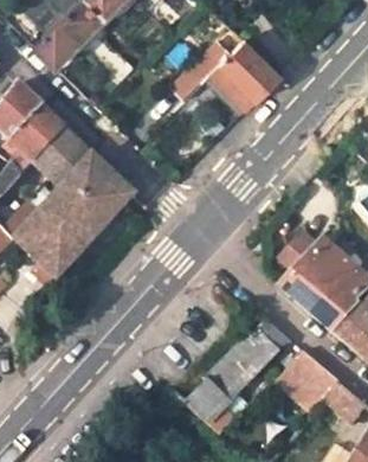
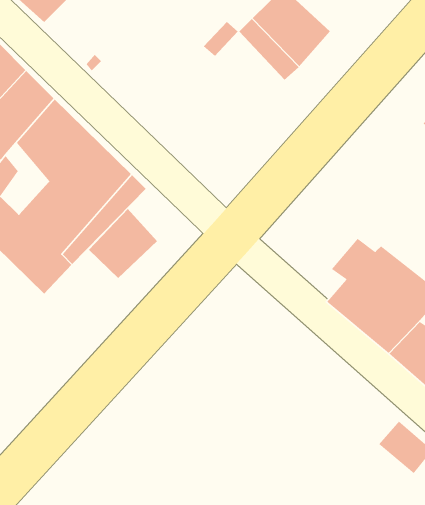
building: none -> [88,208,158,279]
building: [182,321,284,421] -> none
building: [273,351,337,412] -> none

